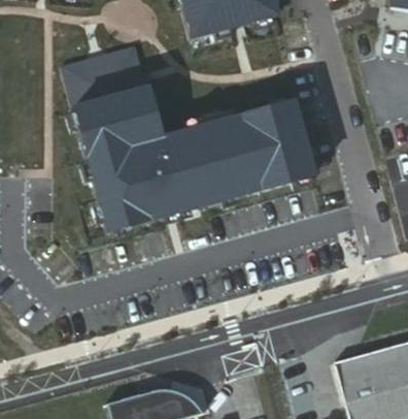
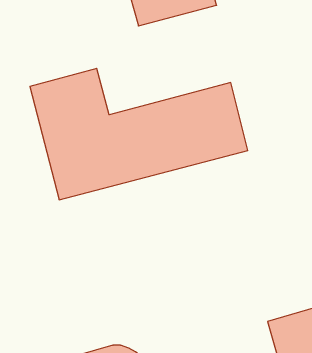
building: [62,45,146,105] -> none

